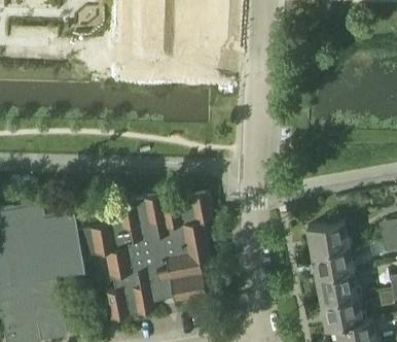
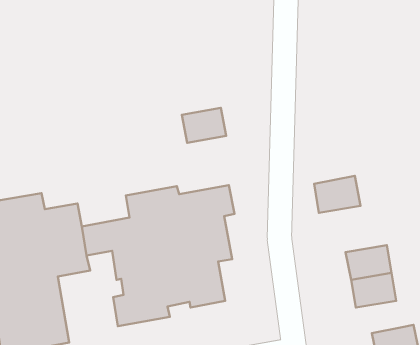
building: none -> [182,108,226,143]
building: [309,220,350,253] -> [314,176,360,213]
building: [322,297,363,328] -> none

